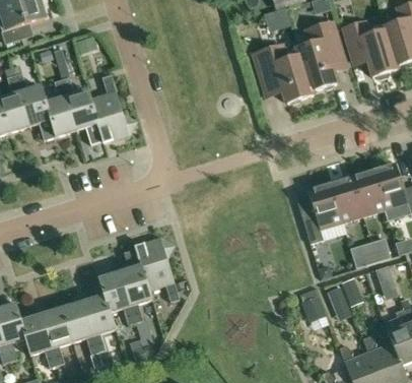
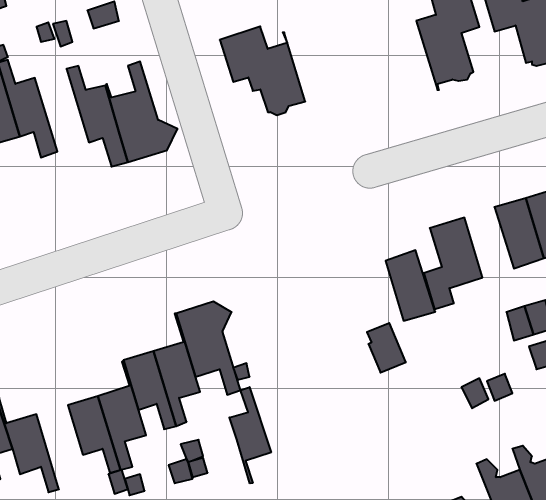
building: [255,44,313,104] -> [220,26,305,115]
building: [41,80,77,136] -> none
building: [331,174,364,221] -> [386,250,435,321]
building: [300,288,327,321] -> [367,323,406,373]
building: none -> [229,387,271,483]
building: [42,308,73,365] -> none

